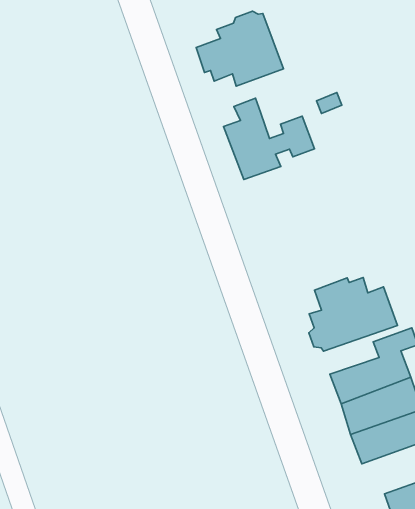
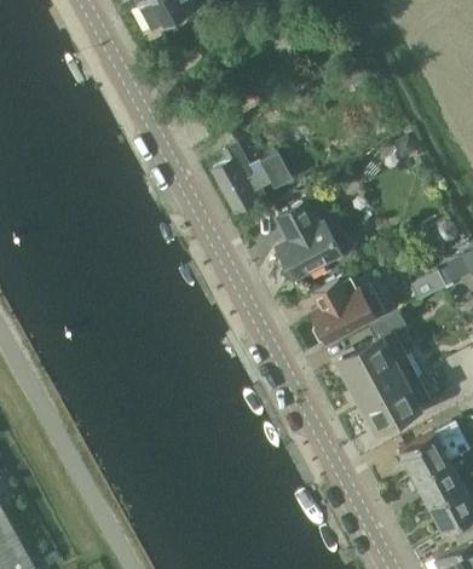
building: [196,11,283,86] -> none
building: none -> [275,201,342,281]

